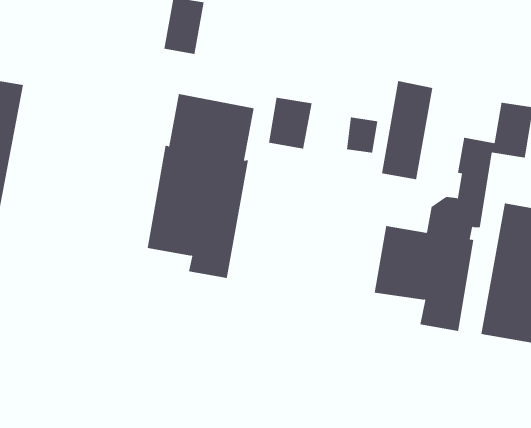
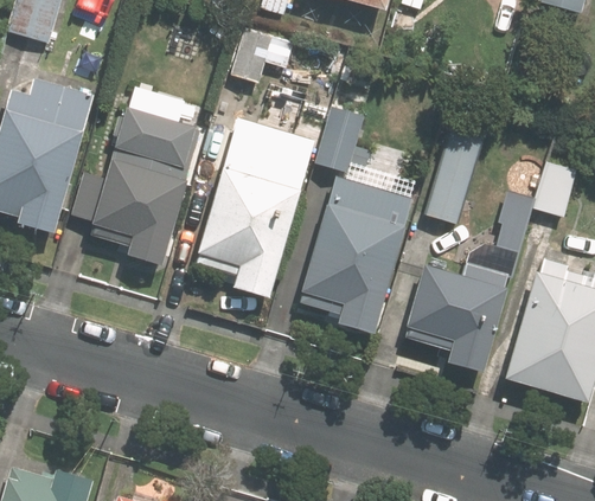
building: none -> [89,116,199,263]
building: none -> [299,200,407,333]

